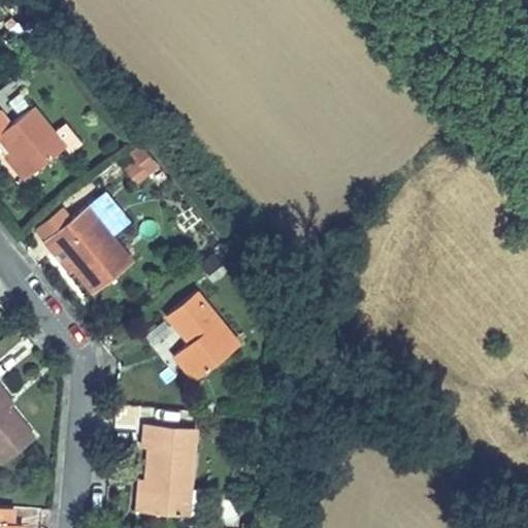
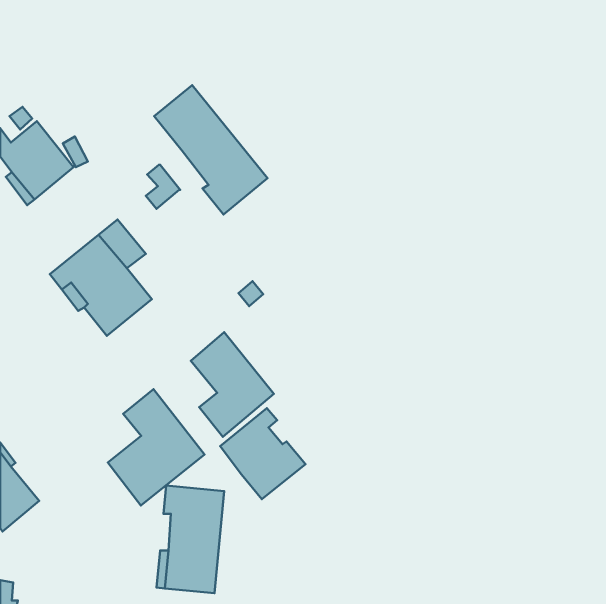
building: none -> [154,85,267,215]
building: none -> [108,389,204,506]
building: none -> [220,408,305,499]

